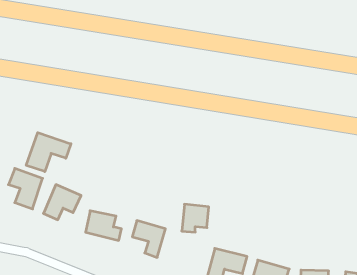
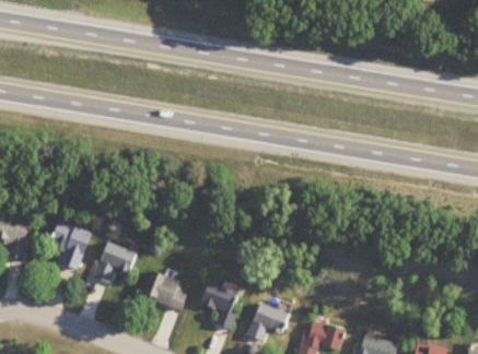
building: [26,133,71,172] -> none
building: [182,204,209,232] -> [252,306,284,340]

